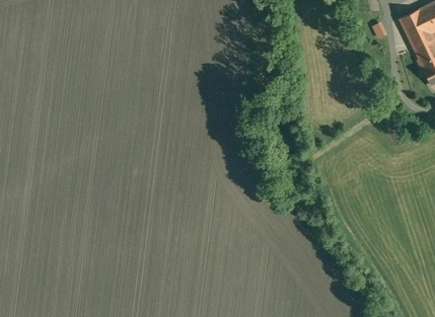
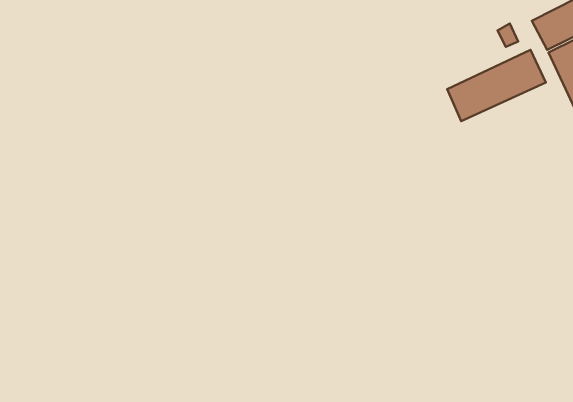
building: none -> [447,50,546,121]

